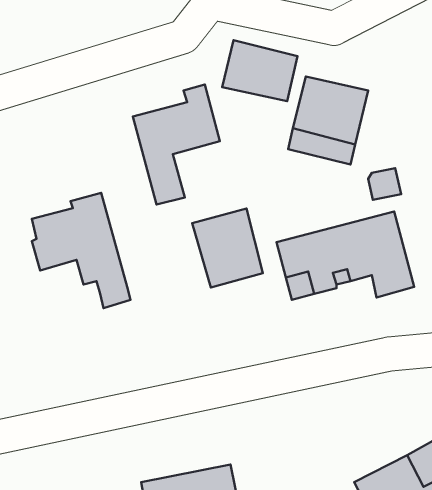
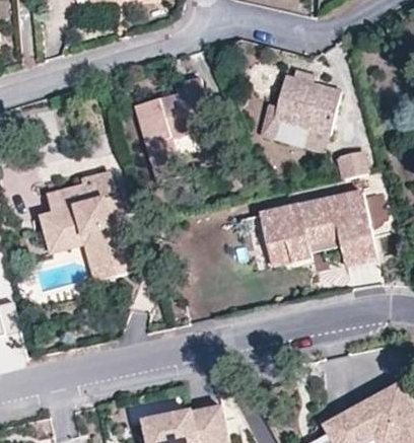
building: [222,40,297,101] -> none
building: [192,209,263,288] -> none
building: none -> [38,215,106,266]

